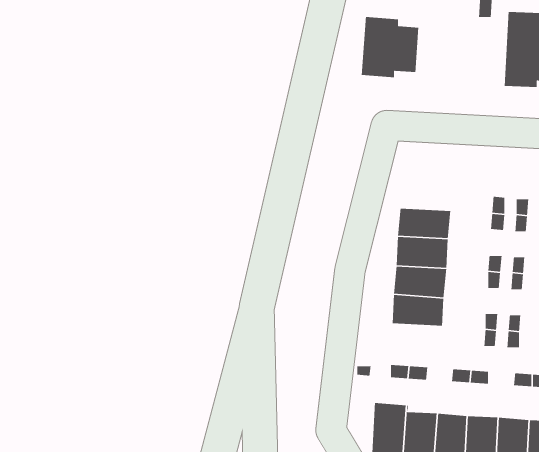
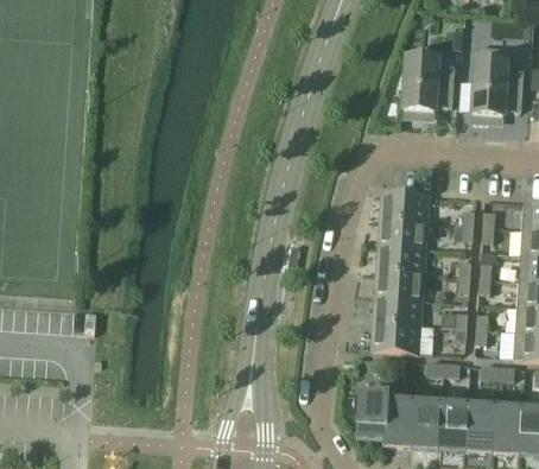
building: [361,16,419,78] -> [404,55,455,109]
building: none -> [381,191,427,221]
building: none -> [373,321,419,350]

